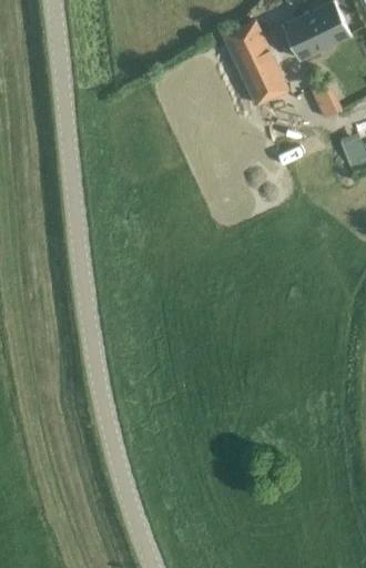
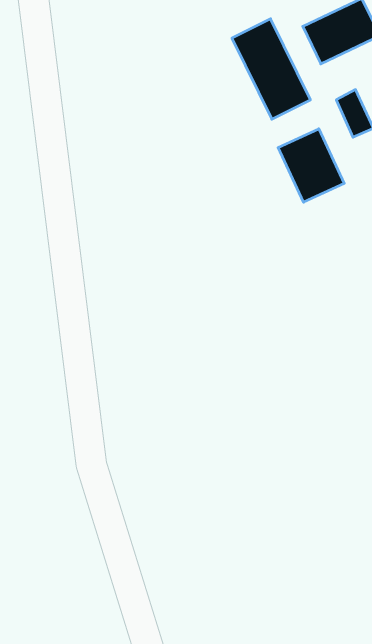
building: none -> [278,129,344,202]

